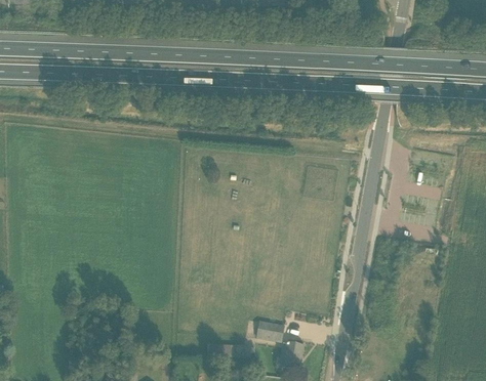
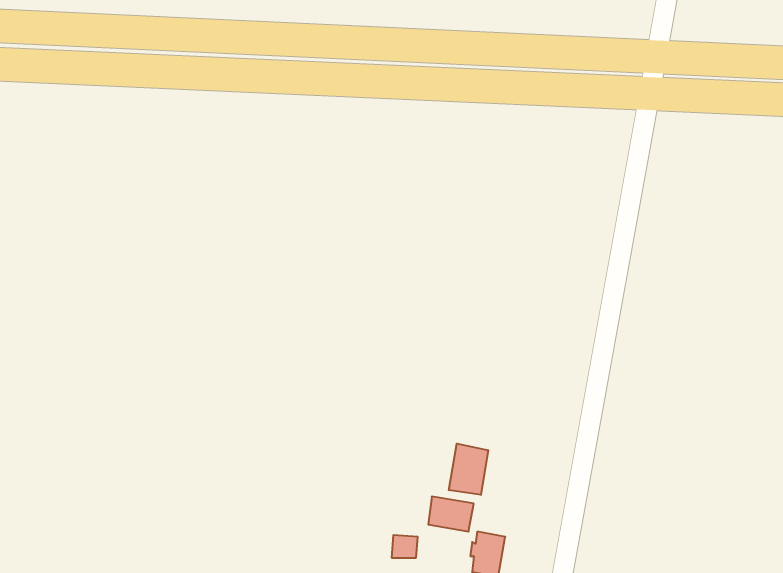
building: none -> [449,444,488,495]

